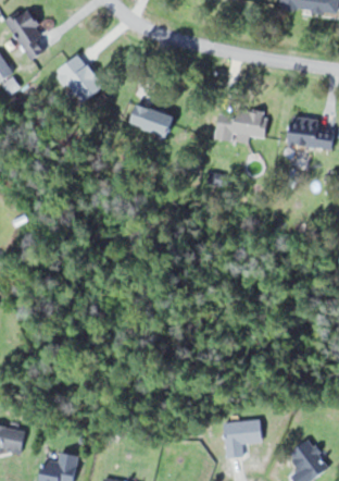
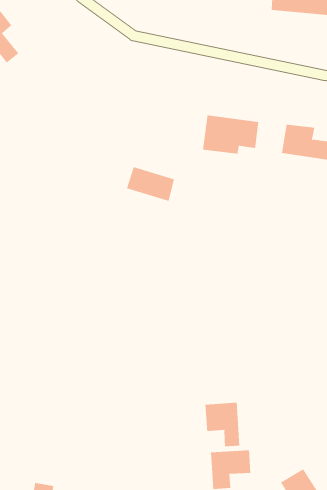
building: [55,54,104,106] -> none
building: [129,104,175,137] -> [126,166,175,201]
building: none -> [205,402,240,447]

